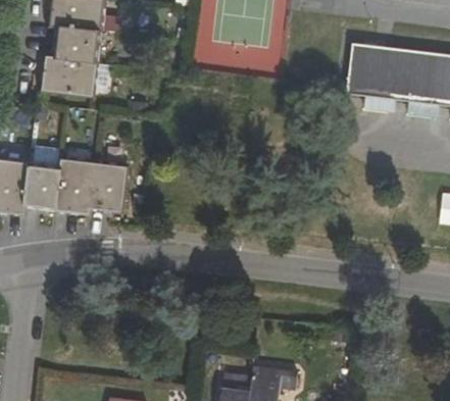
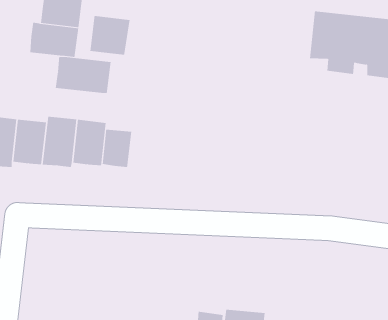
building: none -> [90,15,130,56]
building: none -> [55,56,111,94]
building: none -> [102,129,132,168]

